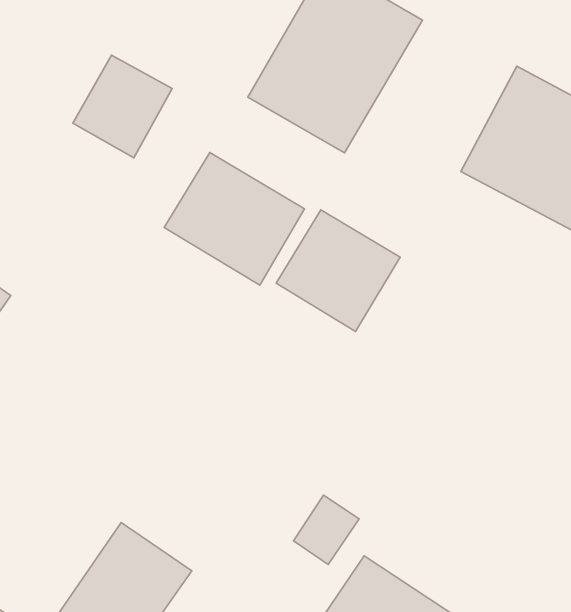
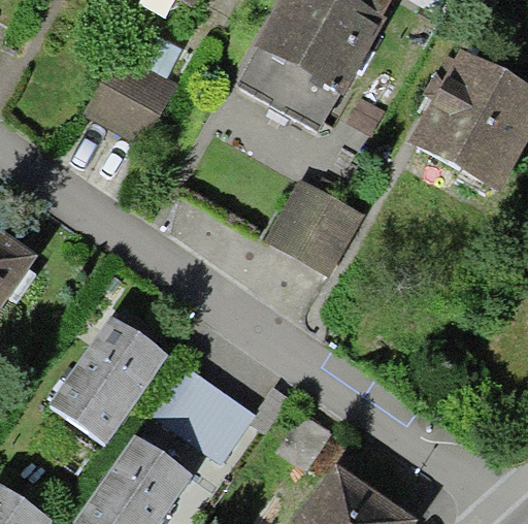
building: [164,152,305,285] -> none
building: none -> [51,319,168,445]
building: none -> [153,368,251,458]

